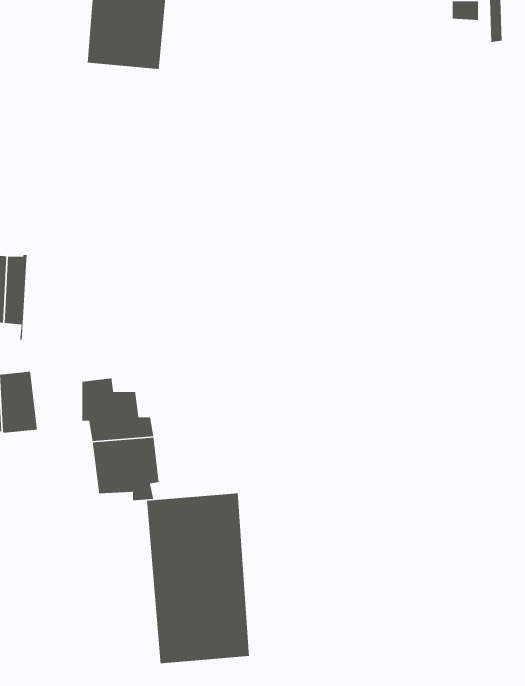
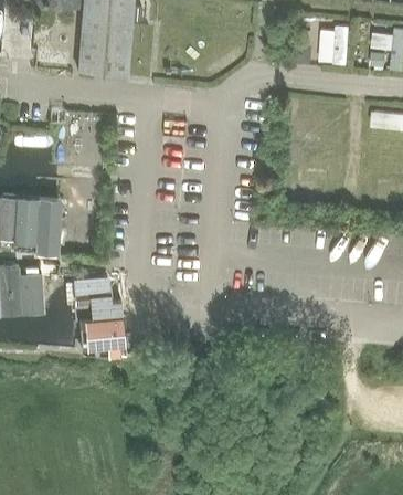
building: none -> [35,197,62,253]
building: [146,493,250,664] -> none

